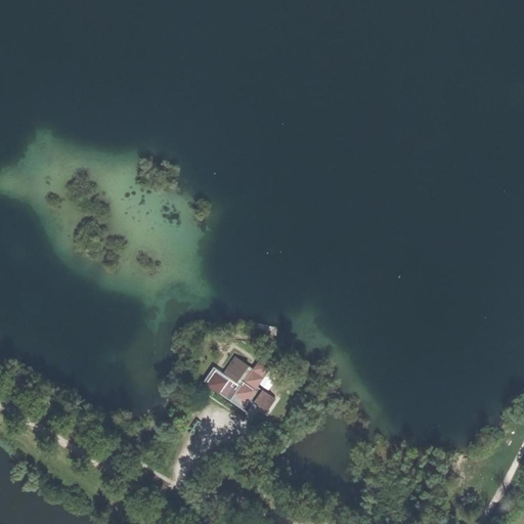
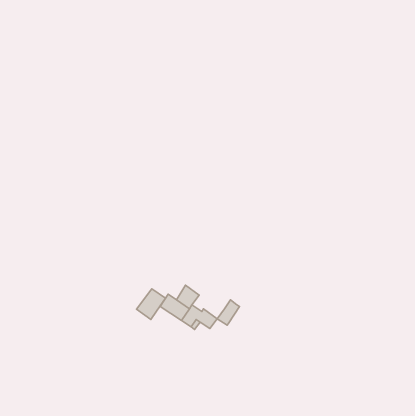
building: [244,358,271,390] -> [217,300,239,325]
building: none -> [137,289,166,319]

